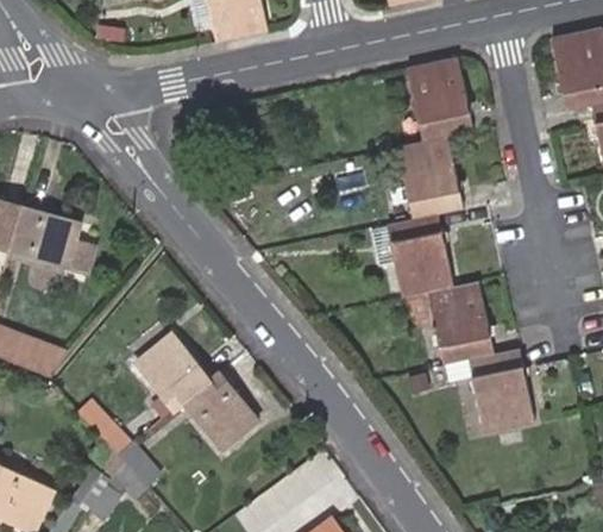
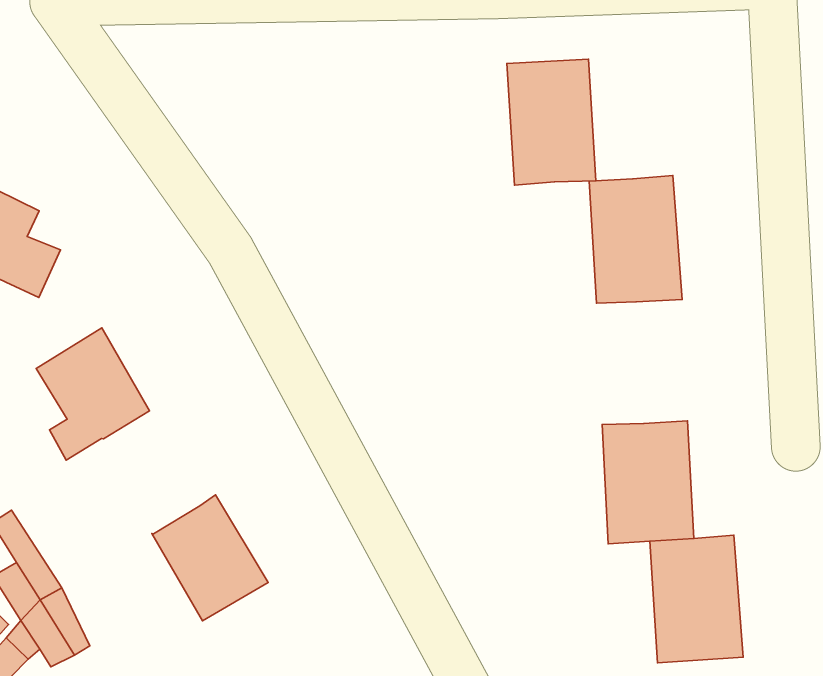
building: [408,58,473,142] -> [507,59,596,185]
building: [376,215,456,299] -> none
building: [124,337,196,420] -> [36,328,149,460]

